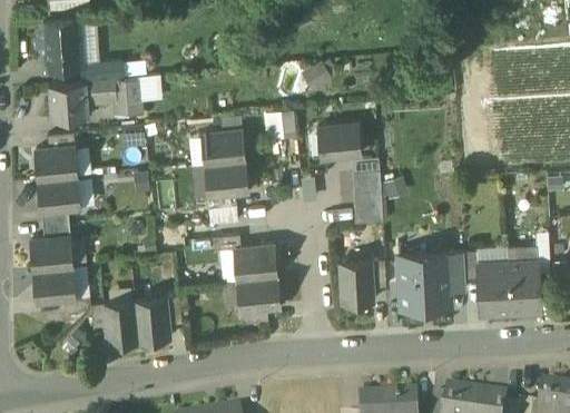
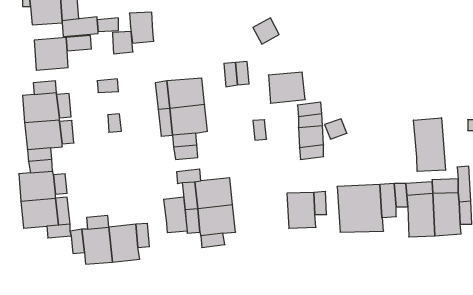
building: [112,79,140,115] -> [129,12,154,43]
building: none -> [414,118,445,171]
building: none -> [164,197,187,233]

